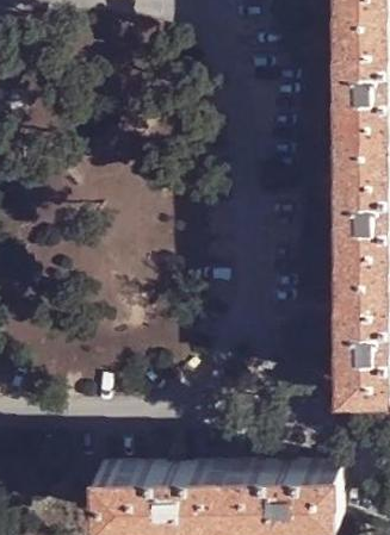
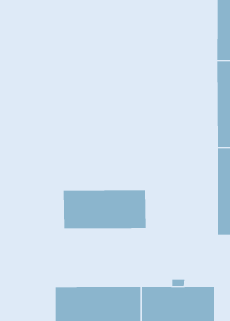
building: none -> [63,189,146,229]

